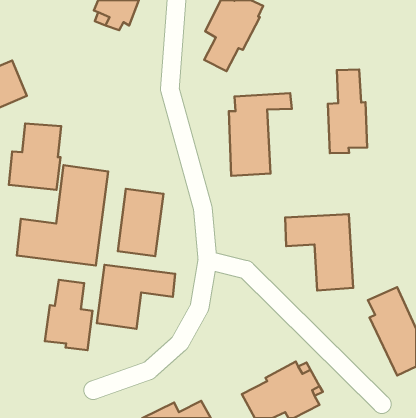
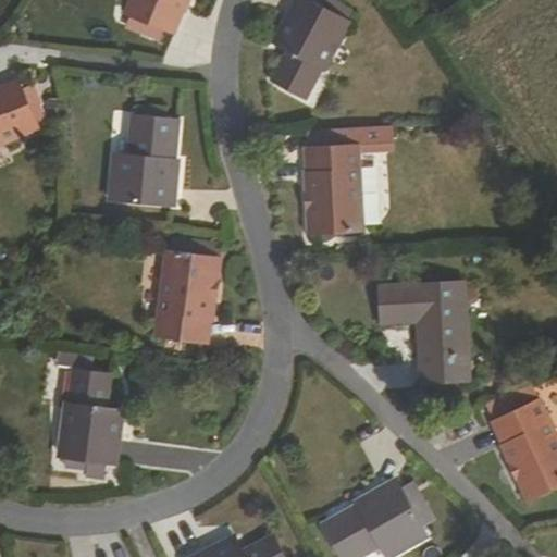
building: [328,69,367,153] -> none
building: [9,124,61,190] -> [110,117,180,206]
building: [17,165,108,265] -> none
building: [97,265,175,329] -> none

